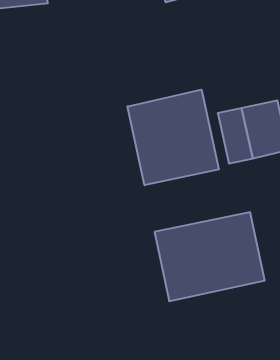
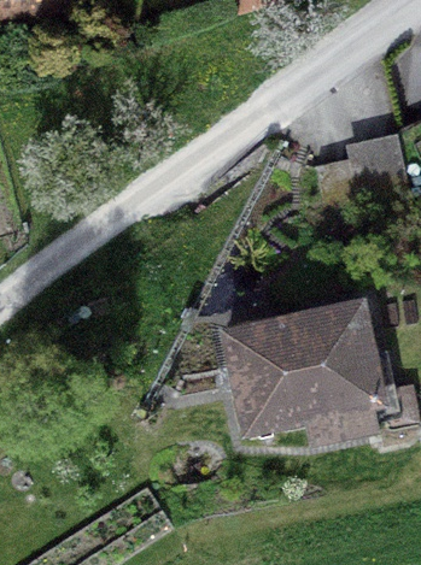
building: [127,90,219,185] -> none

